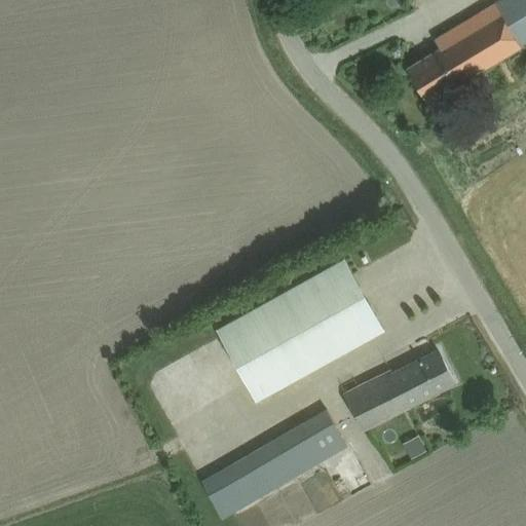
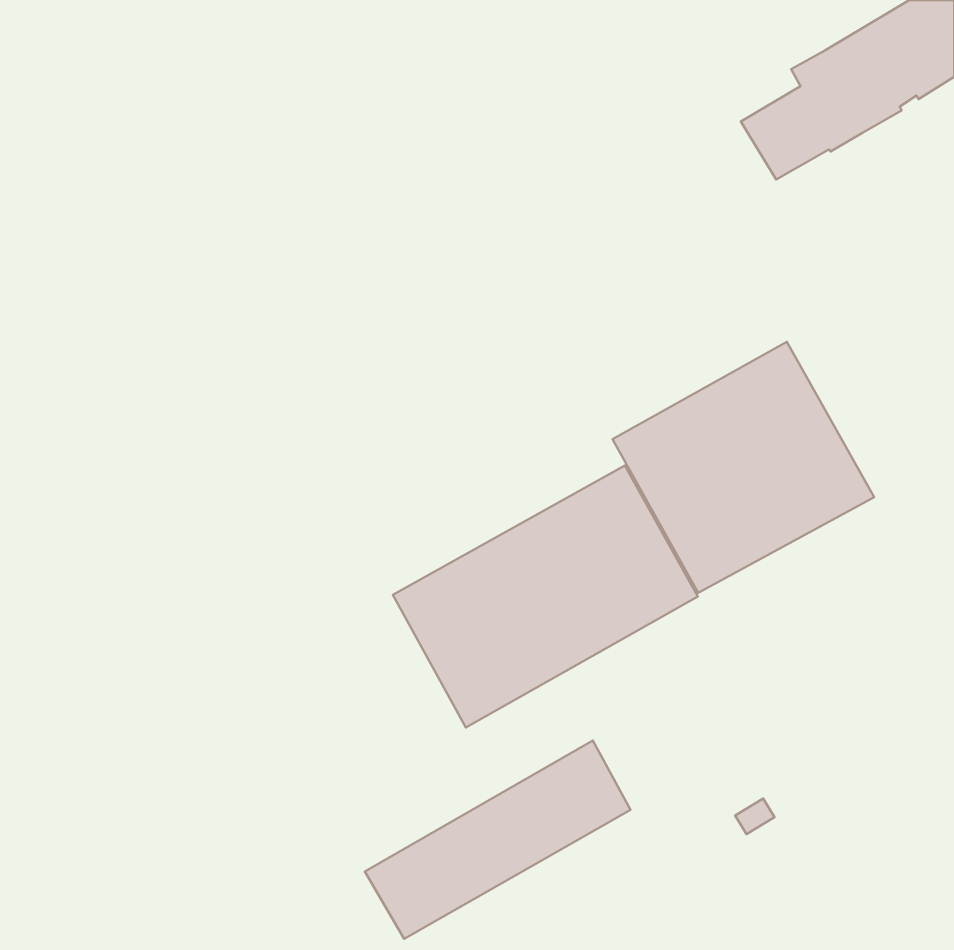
building: none -> [613,342,874,593]
building: [344,352,454,431] -> none

